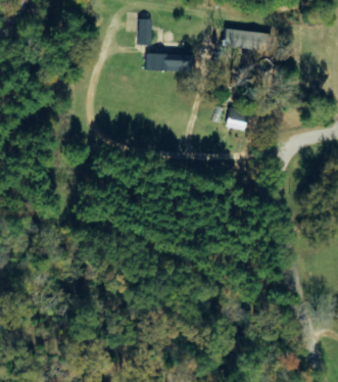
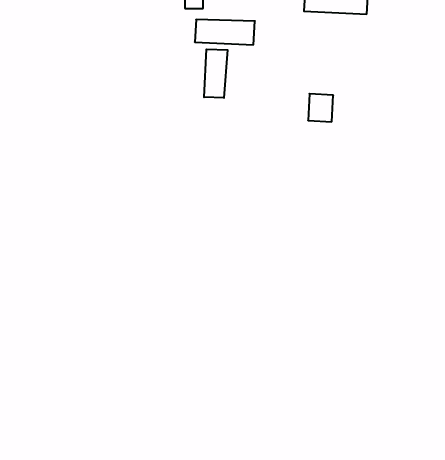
building: none -> [204,49,228,98]

